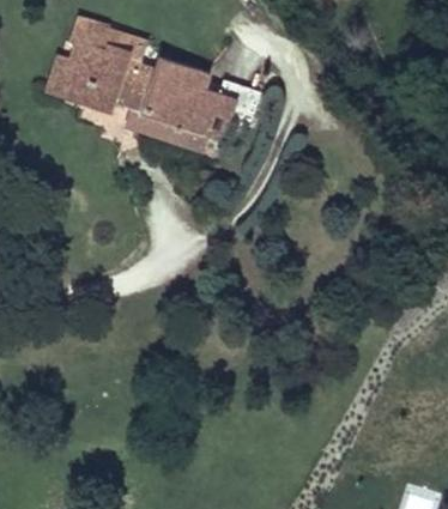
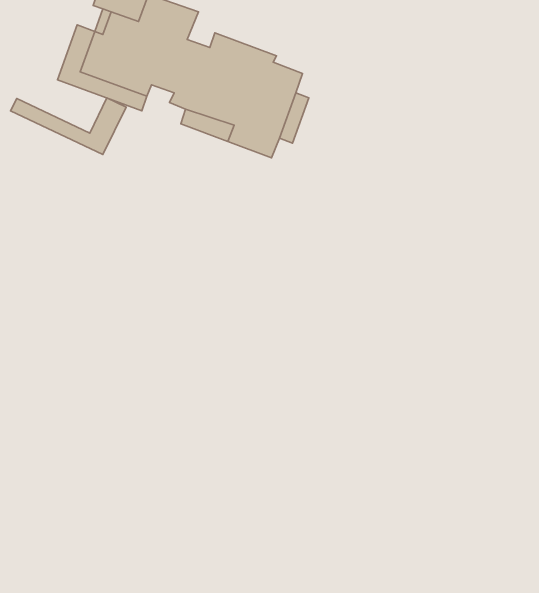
building: none -> [10,98,126,155]

